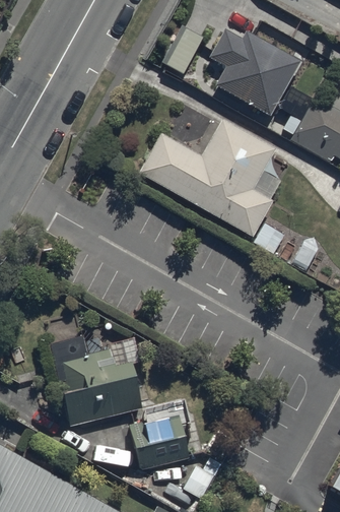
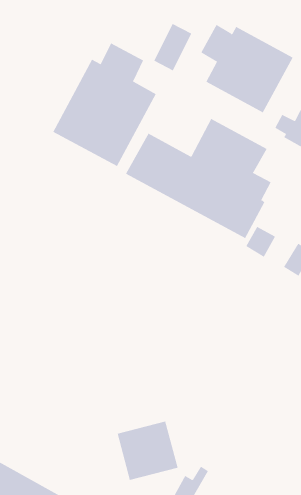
building: none -> [52,43,157,167]
building: [53,337,143,426] -> none

